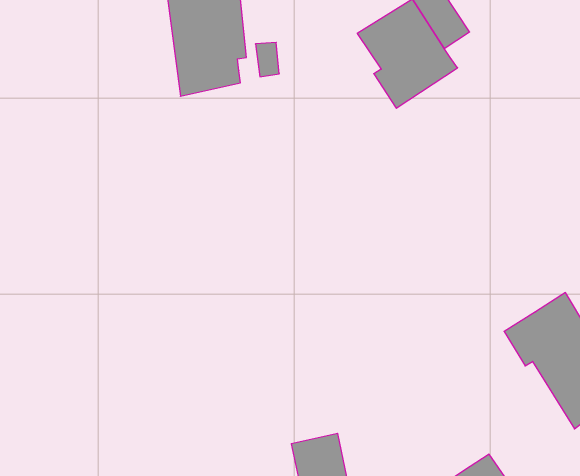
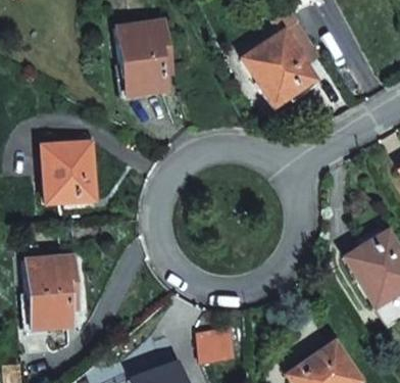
building: none -> [42,141,94,201]
building: none -> [24,254,77,326]

